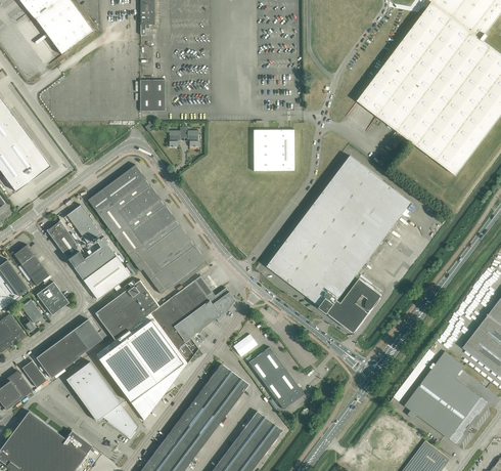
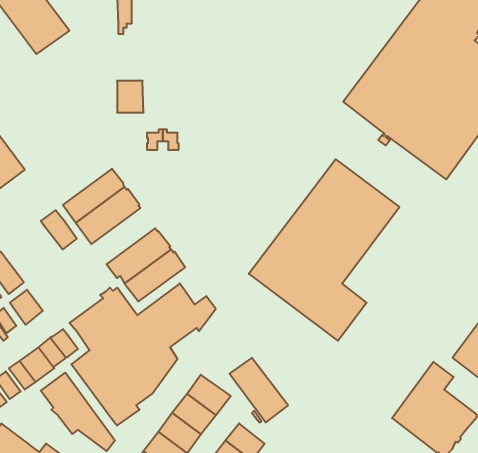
building: [254,129,294,171] -> none
building: [116,203,177,257] -> none
building: [47,220,131,299] -> none

